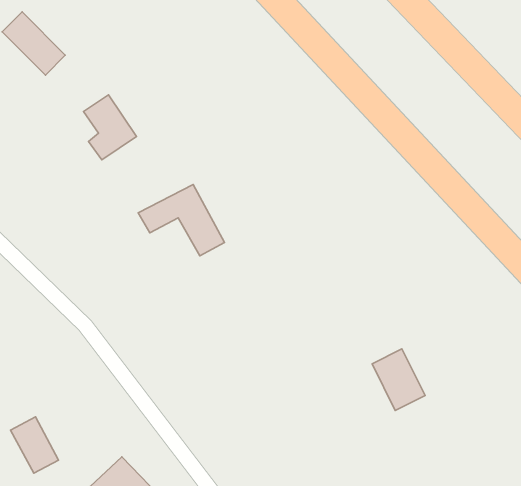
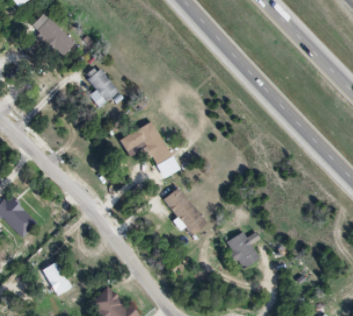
building: none -> [163,187,207,235]
building: [372,349,425,410] -> [226,231,258,268]

